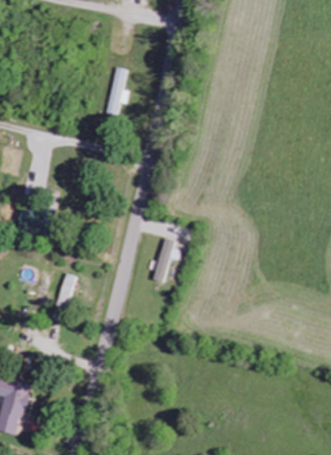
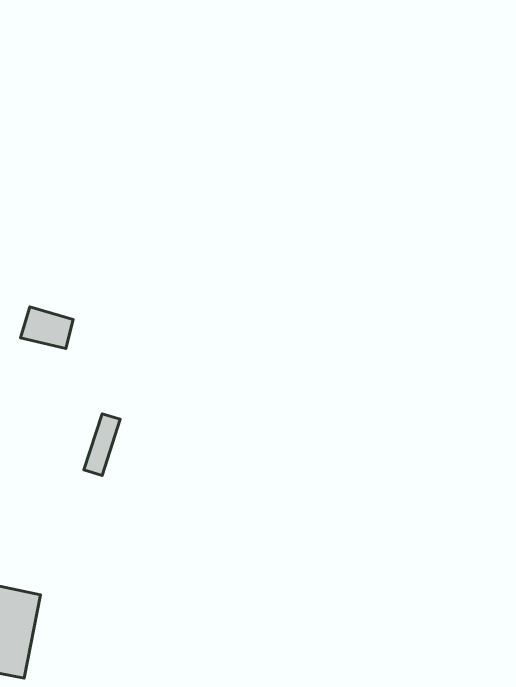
building: [106,66,130,116] -> none
building: [156,238,183,282] -> none

